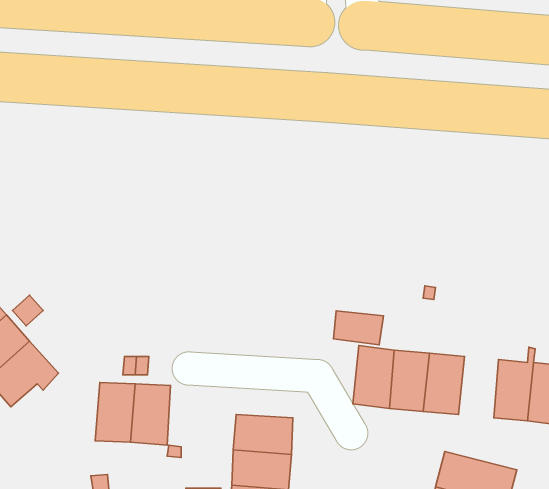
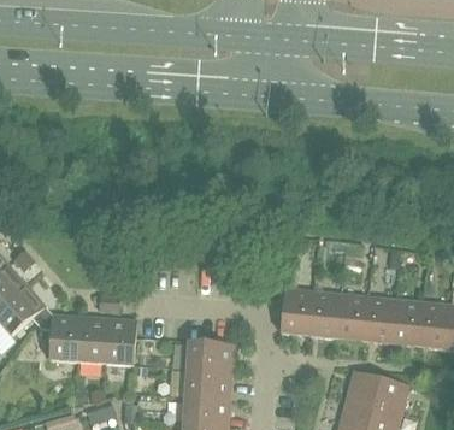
building: [333,311,383,345] -> none
building: none -> [362,296,394,344]
building: none -> [36,310,81,363]

